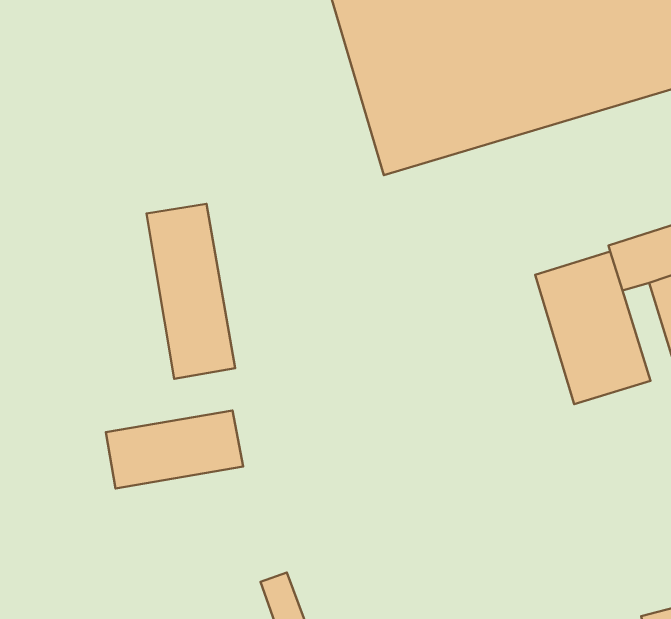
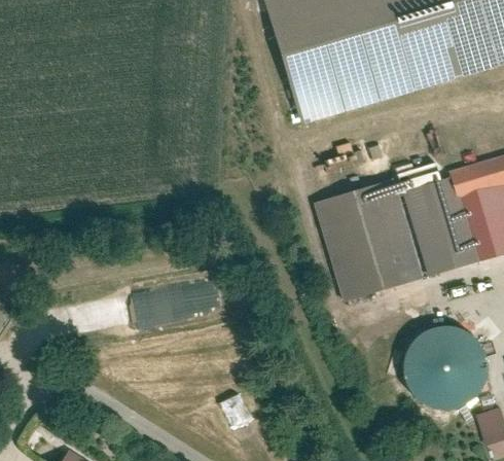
building: [147,204,235,379] -> none
building: none -> [313,181,422,303]
building: none -> [406,329,488,410]

